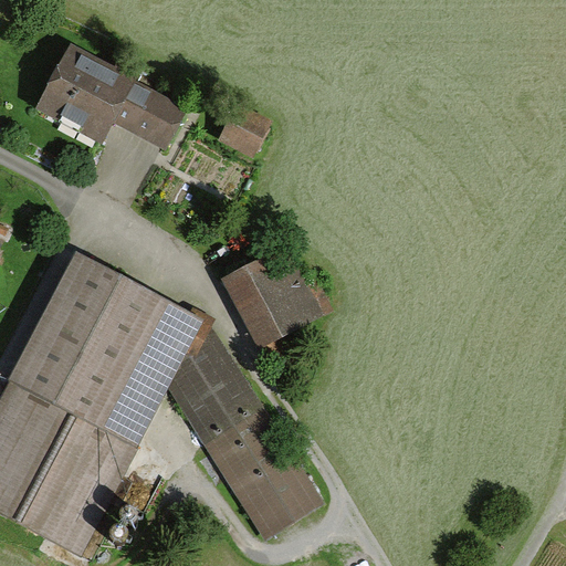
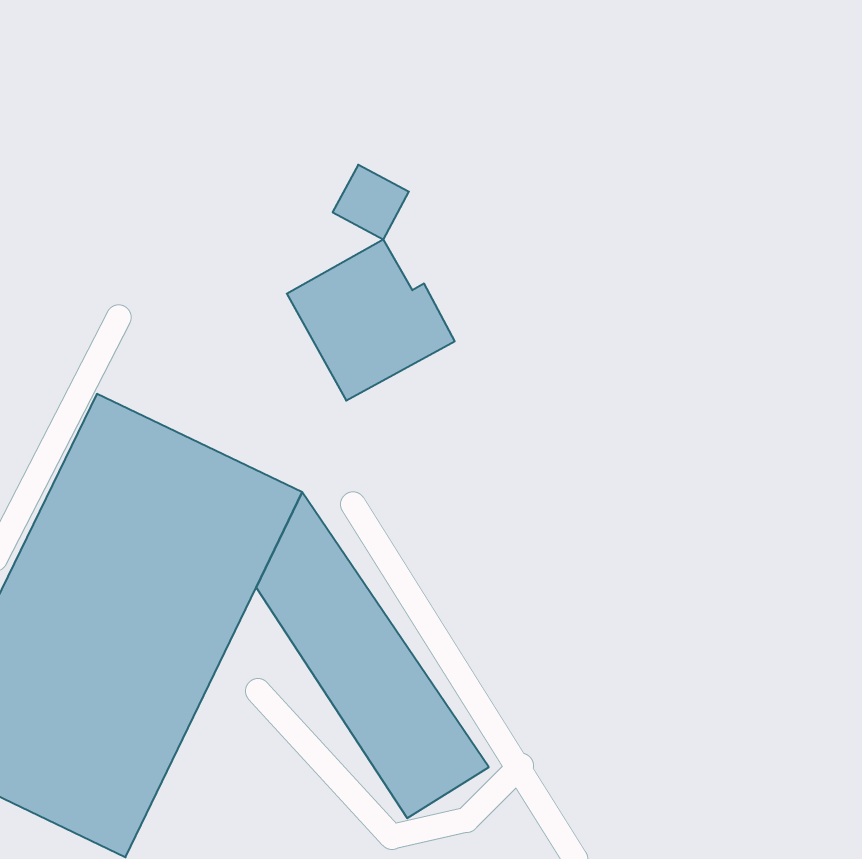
building: [35,44,181,146] -> none
building: [221,244,331,349] -> [287,239,455,401]

